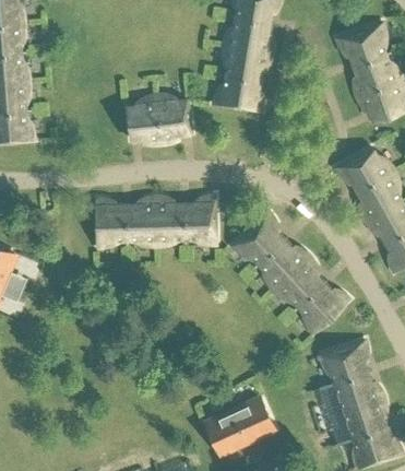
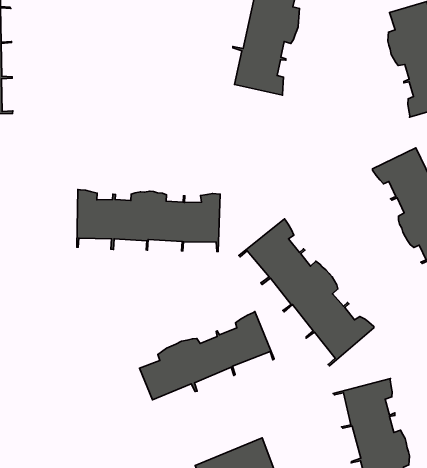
building: [126,95,190,143] -> none
building: none -> [139,312,274,400]

